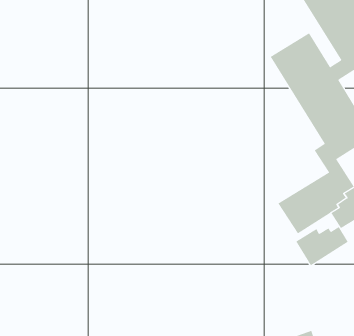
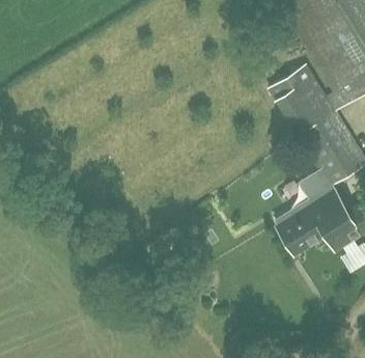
building: [296,226,348,266] -> none

